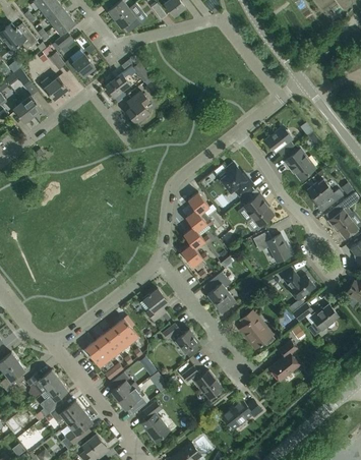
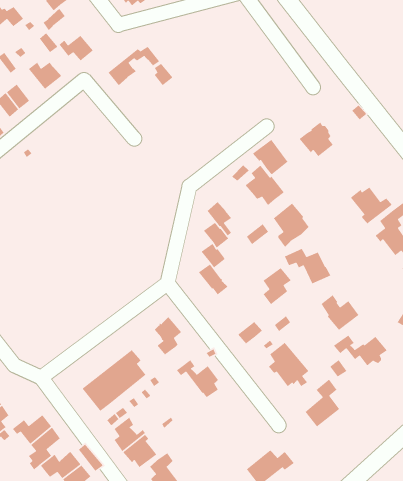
building: [126,91,149,123] -> none
building: [284,149,314,179] -> [252,139,289,175]
building: [206,272,231,303] -> [262,267,292,305]
building: [182,365,223,400] -> none

